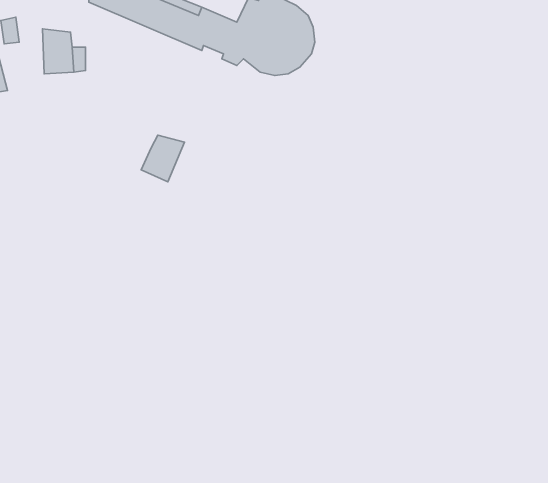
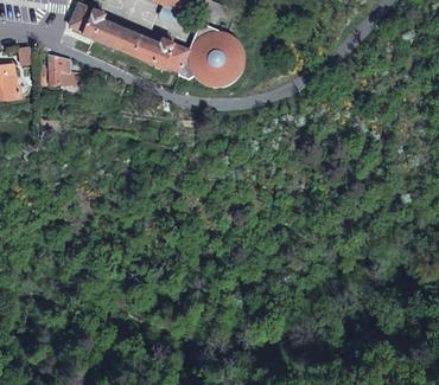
building: [141,135,185,182] -> none

